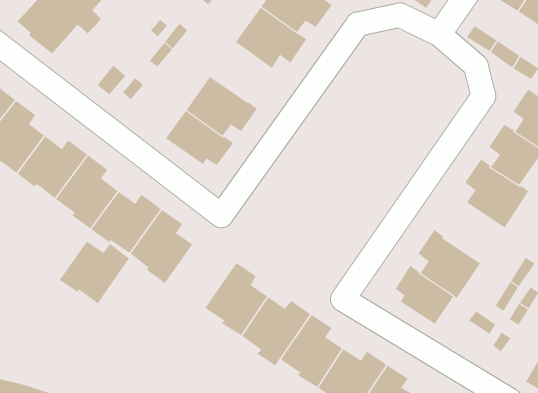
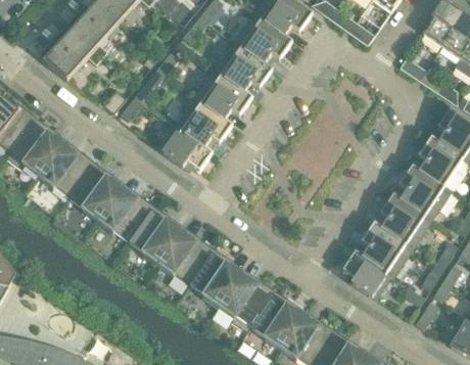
building: none -> [194,71,253,120]
building: none -> [381,193,432,249]
building: [59,241,130,304] -> [158,234,216,285]

